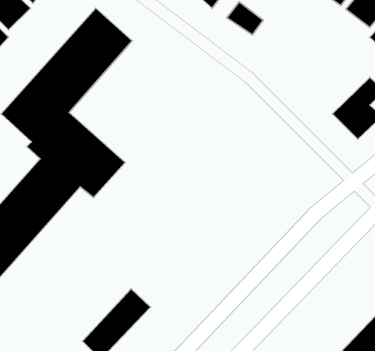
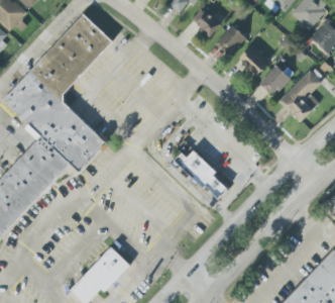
building: none -> [215,25,245,56]
building: none -> [237,45,268,76]
building: none -> [259,65,289,96]
building: none -> [175,150,228,201]

